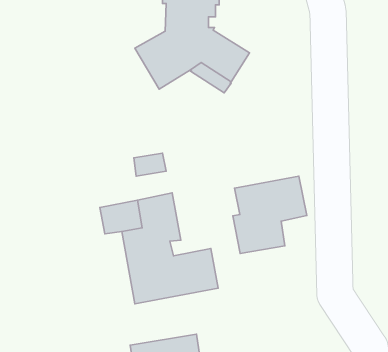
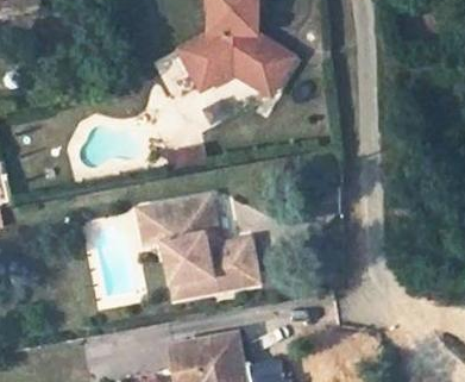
building: [233,176,307,253] -> none

